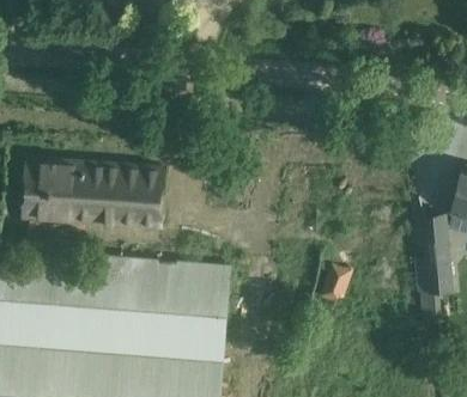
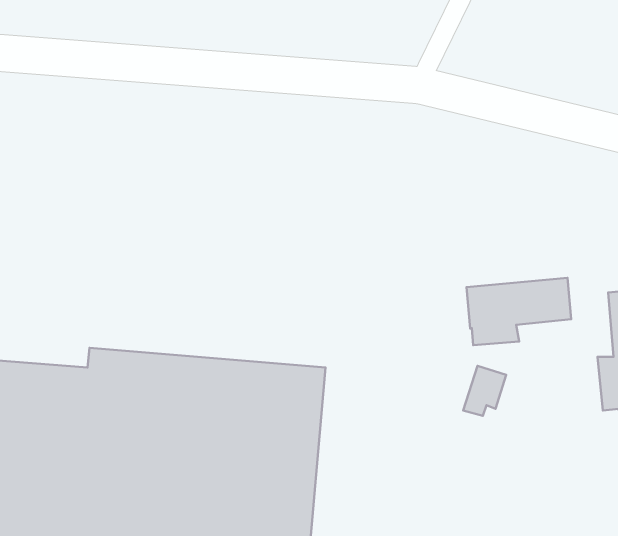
building: [23,160,166,227] -> none
building: none -> [467,278,571,345]

